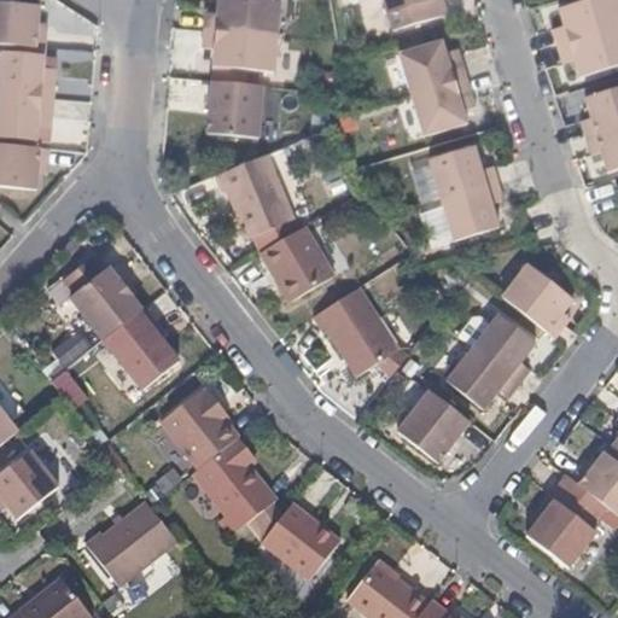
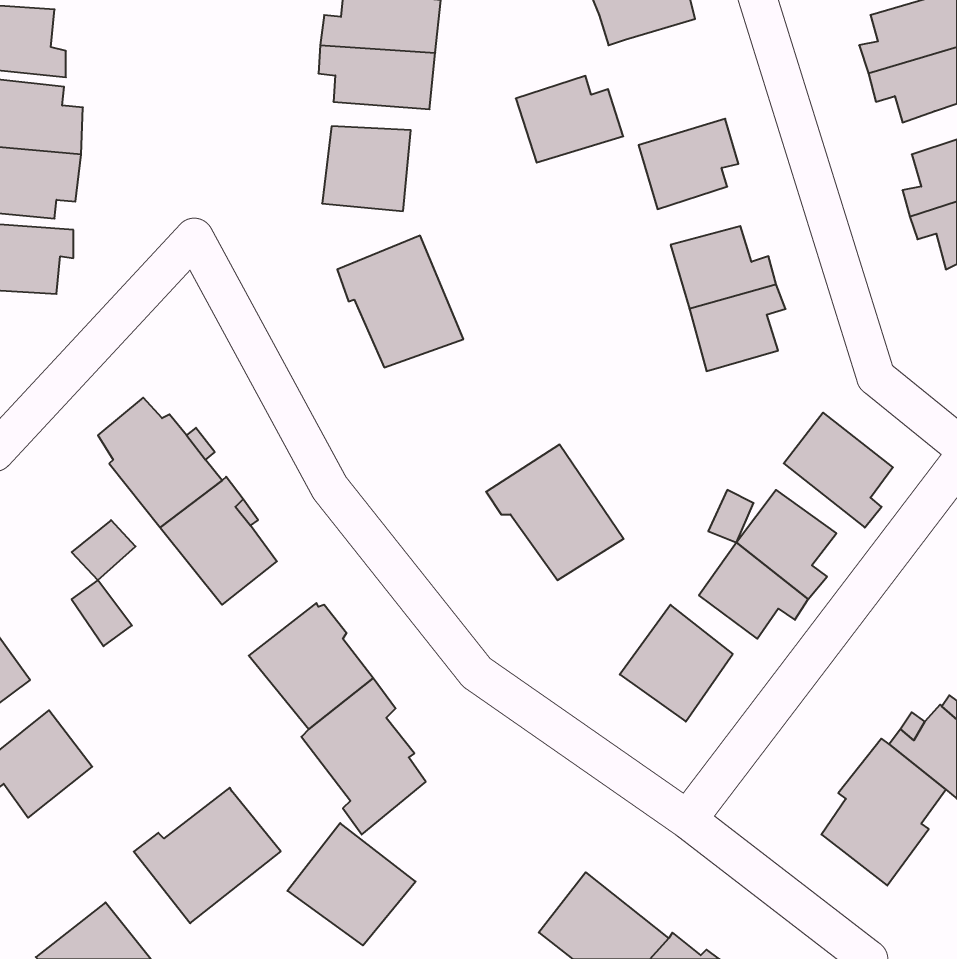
building: [396,37,465,93] -> [516,76,623,163]
building: [261,218,340,298] -> none
building: [258,500,340,578] -> [287,823,416,945]

